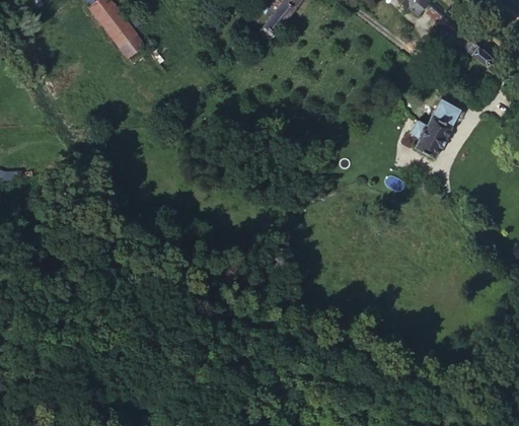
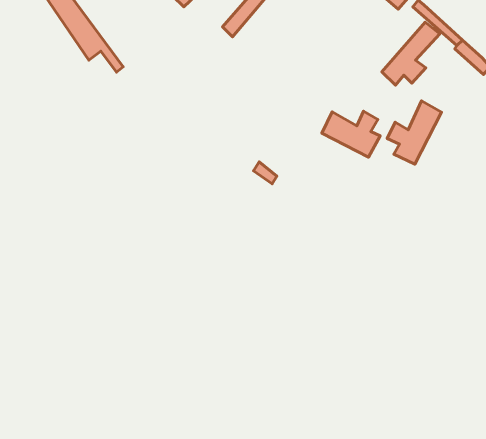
building: none -> [382,22,440,85]
building: none -> [322,111,380,157]

